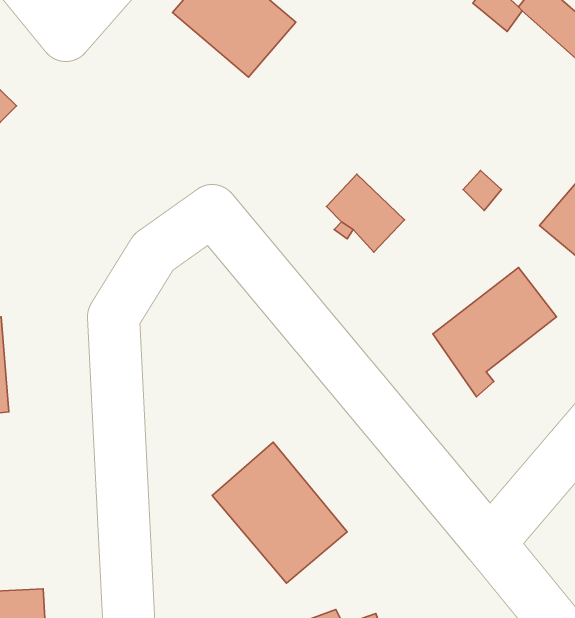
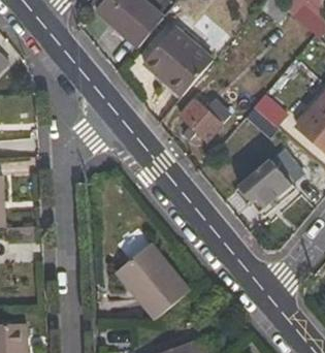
building: none -> [142,26,213,96]

